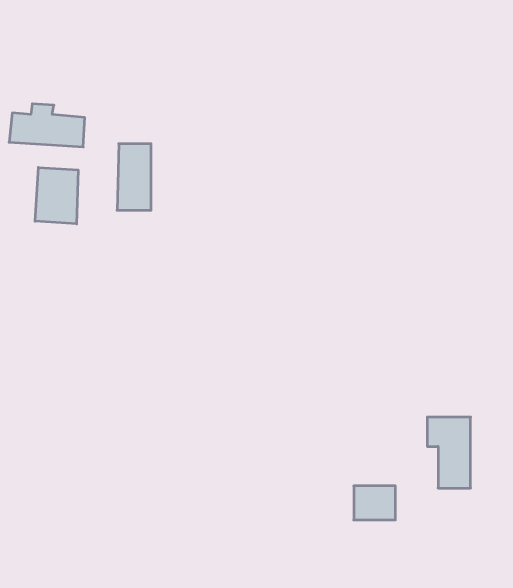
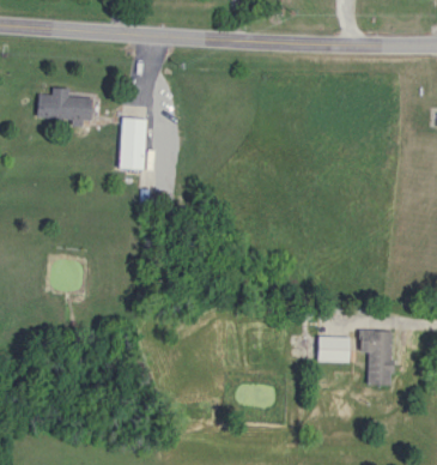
building: [35,167,78,224] -> none
building: [354,486,395,520] -> [317,337,350,363]

